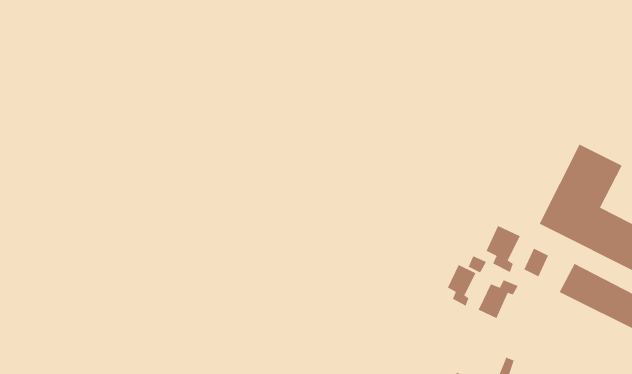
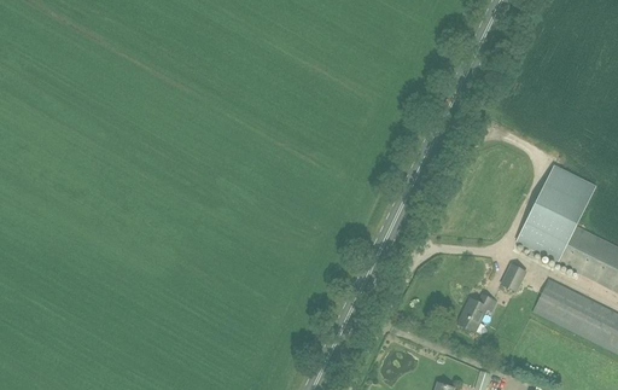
building: [486,225,520,273] -> none
building: [447,264,476,306] -> none

